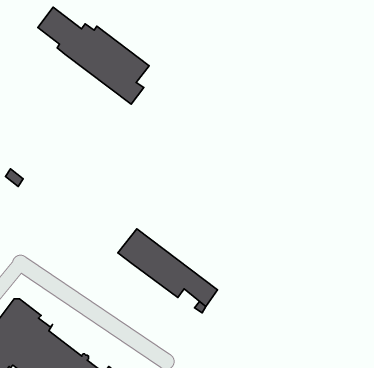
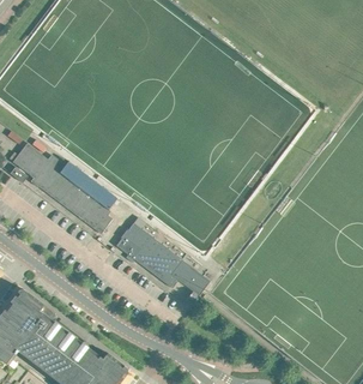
building: [38,7,149,104] -> [12,143,116,234]

